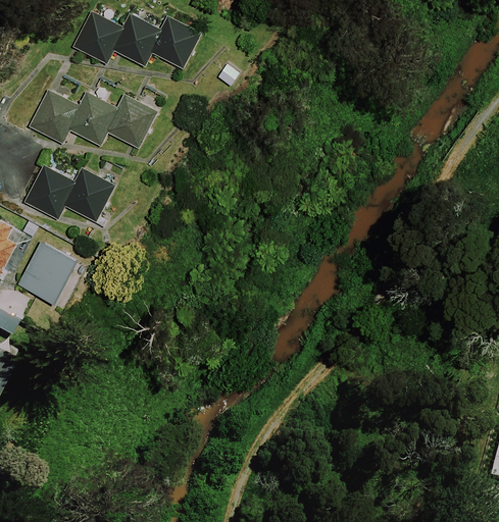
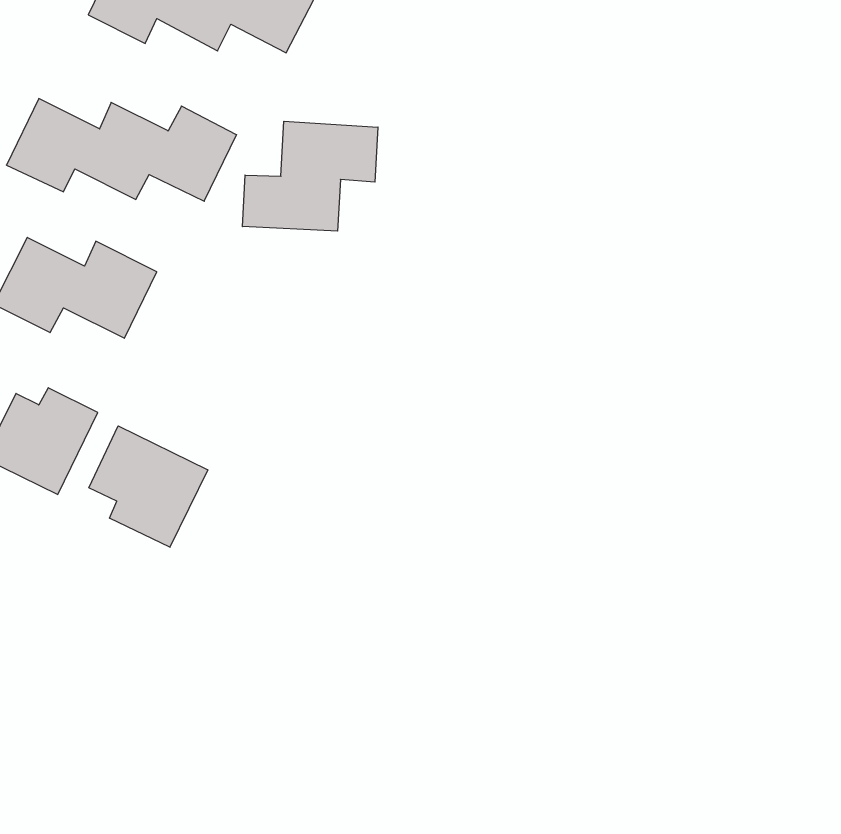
building: none -> [242,121,378,231]
building: none -> [89,426,208,547]

